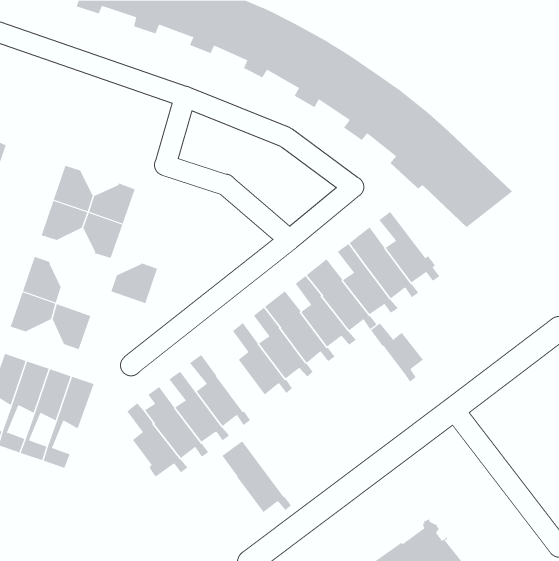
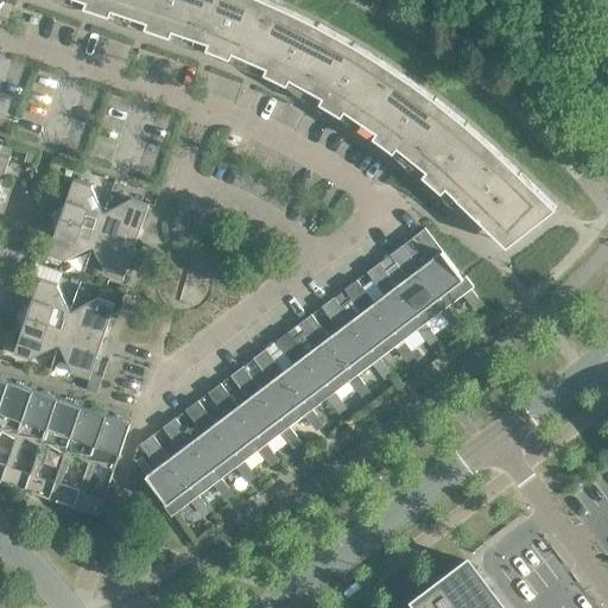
building: [111,263,158,304] -> [61,298,112,342]
building: [370,323,424,383] -> none
building: none -> [70,416,127,517]
building: [221,440,292,513] -> [217,367,293,445]

